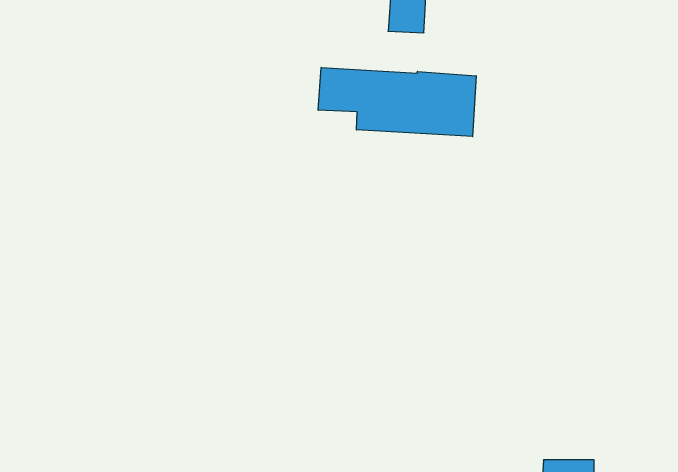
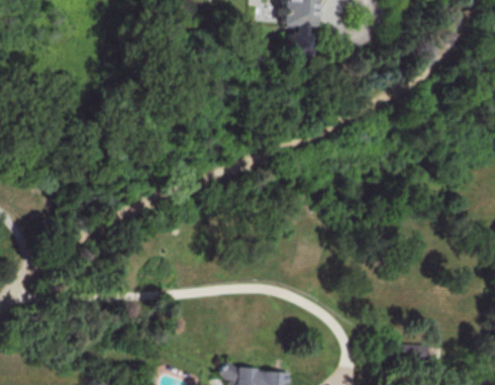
building: [318,67,476,137] -> none

